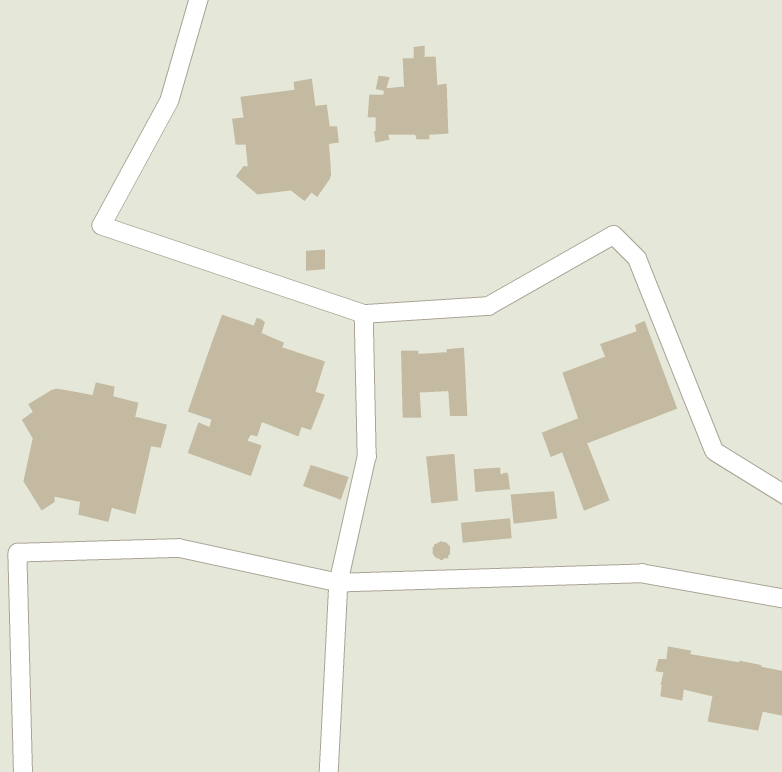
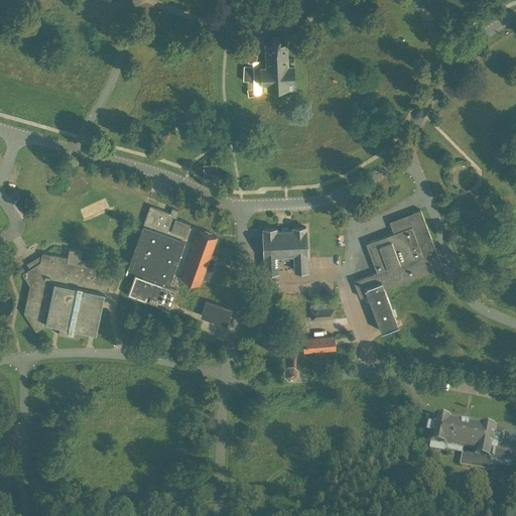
building: [232,78,340,202] -> none
building: [425,453,459,504] -> none
building: [510,490,558,525] -> none

